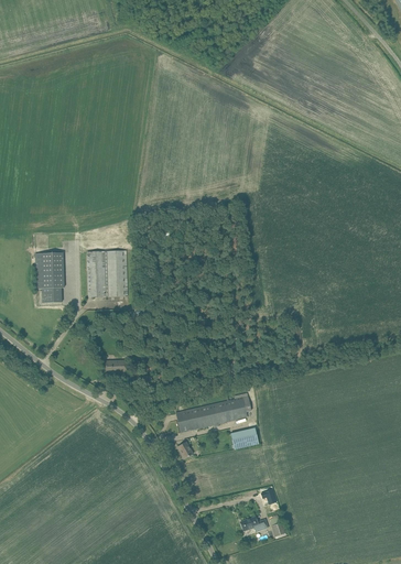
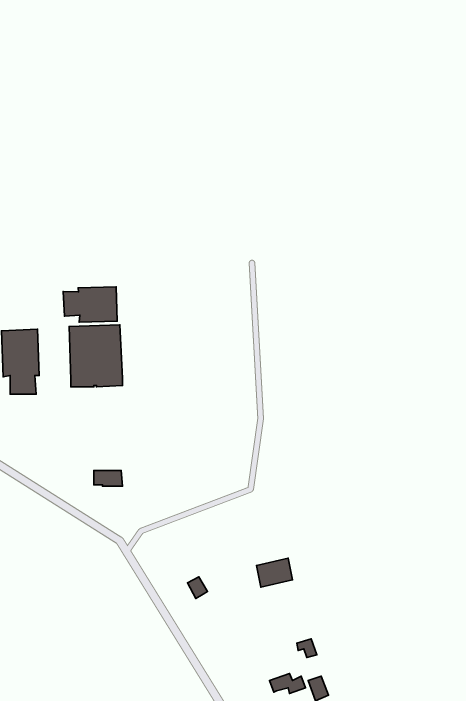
building: none -> [63,287,117,322]
building: [175,392,251,432] -> none

